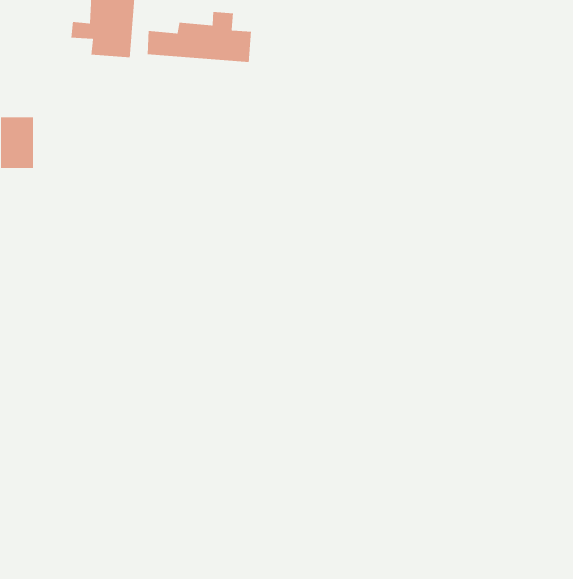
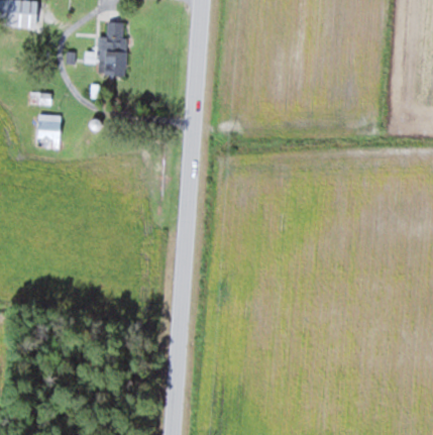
building: [147,11,252,63] -> none

